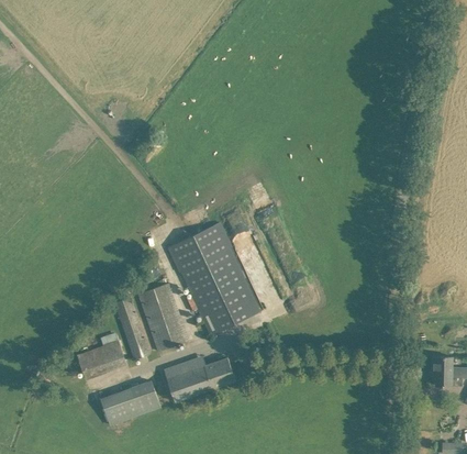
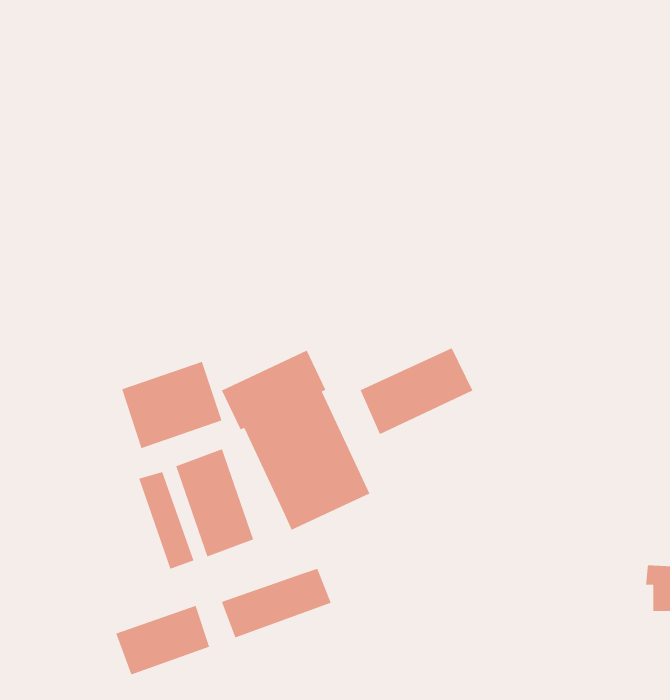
building: none -> [360,347,474,435]
building: none -> [121,361,222,449]
building: [77,340,125,376] -> none

